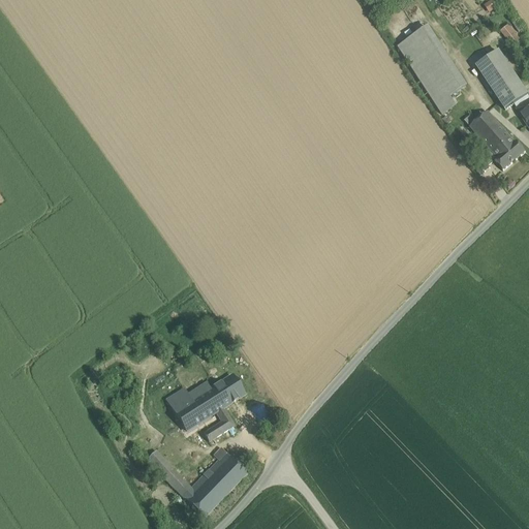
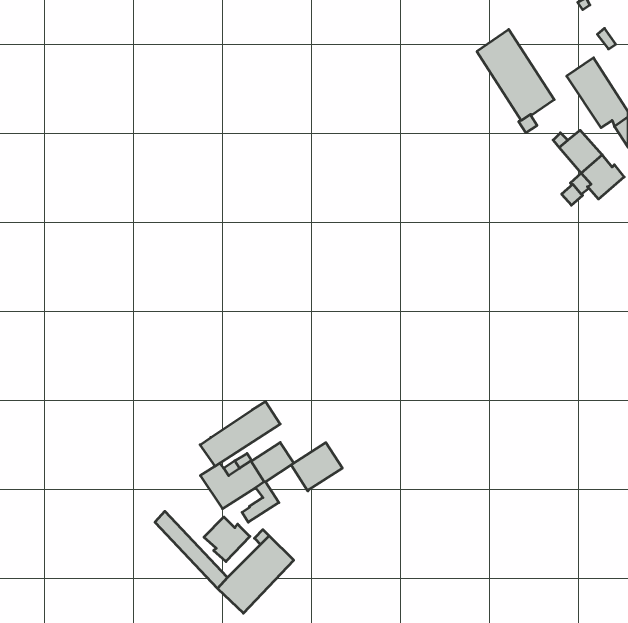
building: none -> [200,401,280,466]
building: none -> [292,443,342,491]
building: none -> [204,517,250,562]

